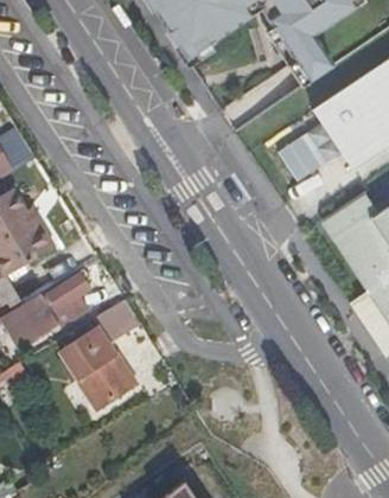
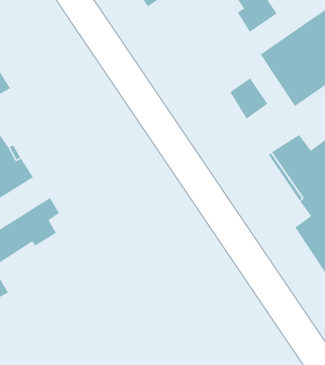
building: [62,299,140,408] -> none

